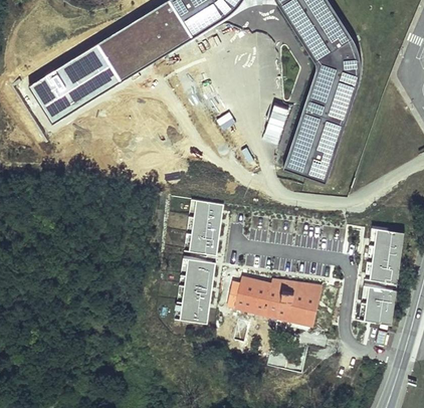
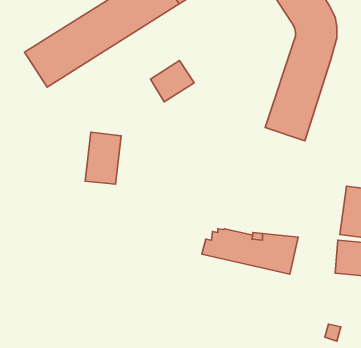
building: none -> [150,61,194,102]
building: [185,198,223,253] -> [85,132,121,184]
building: [174,258,215,326] -> none

